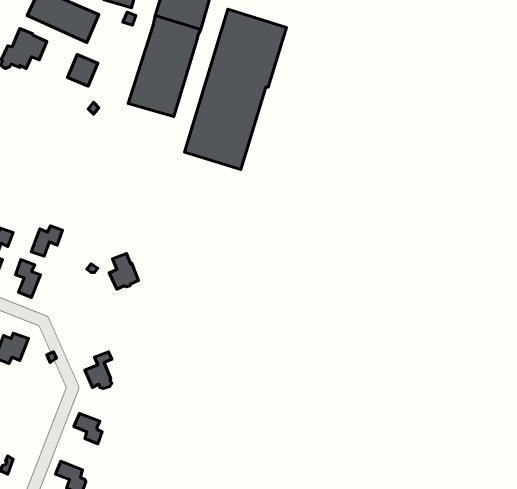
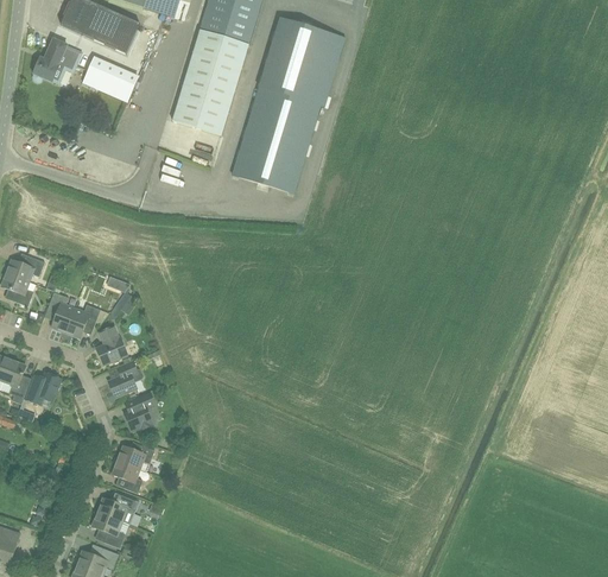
building: none -> [82,57,114,91]
building: [31,226,63,256] -> [64,304,99,337]
building: [109,253,138,289] -> [94,325,126,364]
building: none -> [107,360,141,397]
building: none -> [116,444,153,468]
building: none -> [96,493,138,521]

